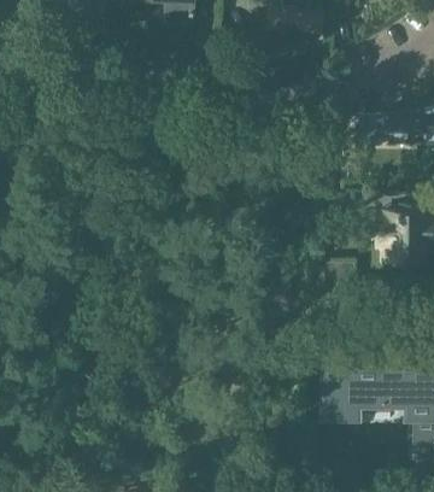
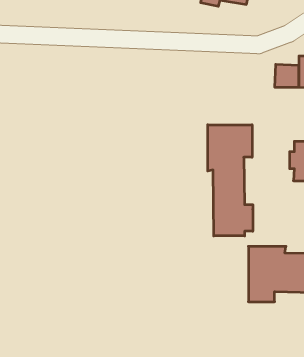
building: none -> [208,125,253,236]

